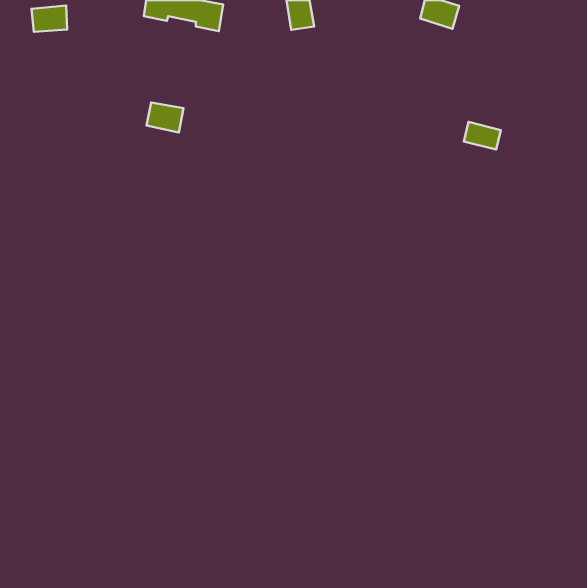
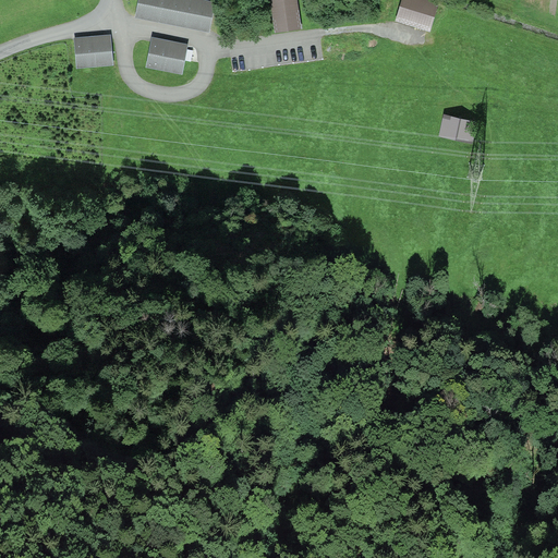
building: [32,5,67,32] -> [75,39,109,64]
building: [147,102,183,132] -> [148,43,183,71]

